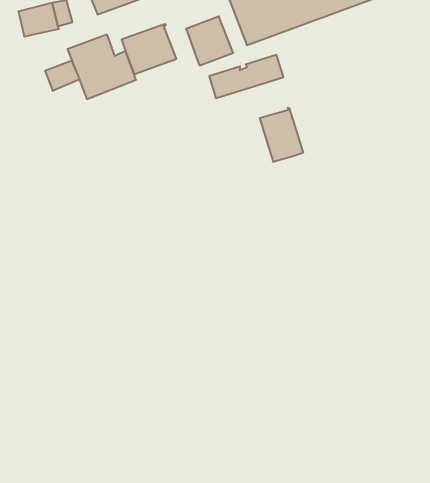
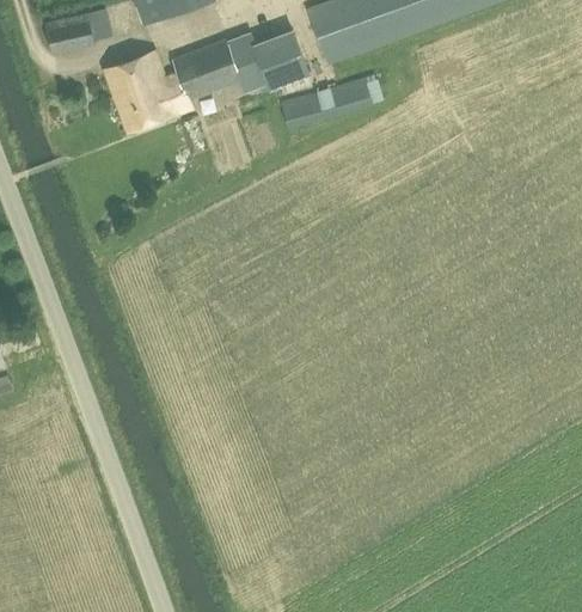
building: none -> [223,30,265,93]
building: [45,60,79,91] -> none
building: [260,108,303,162] -> none

